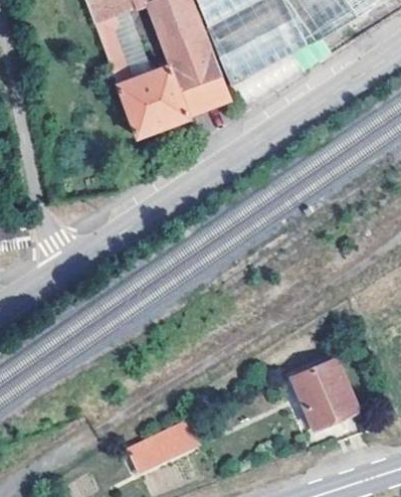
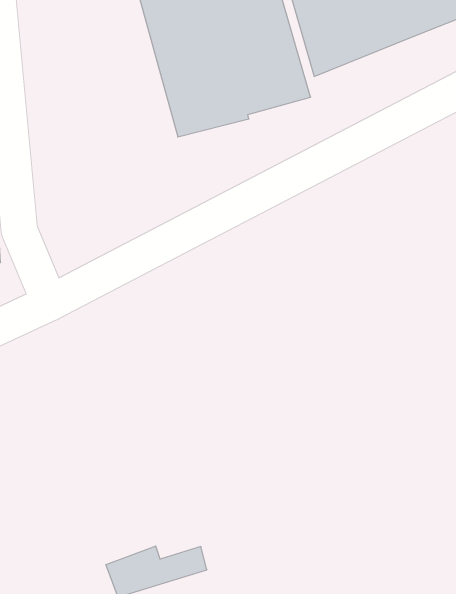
building: [289,359,355,428] -> none

